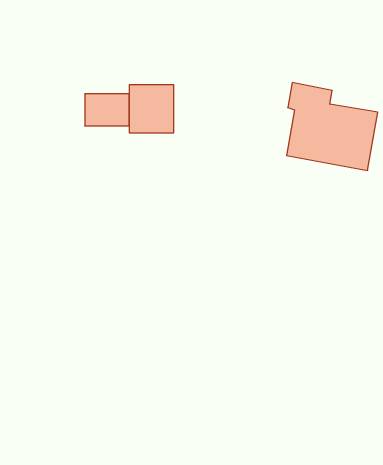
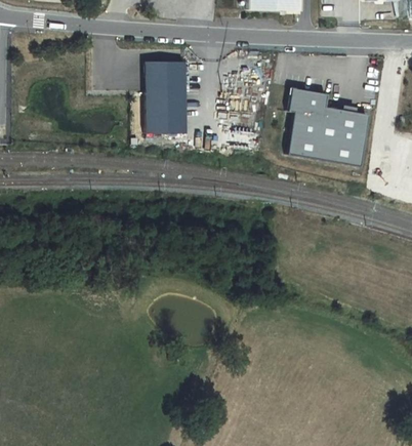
building: [85,94,129,126] -> [146,60,186,89]

